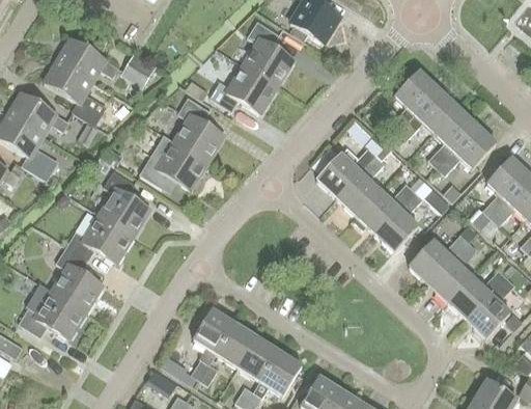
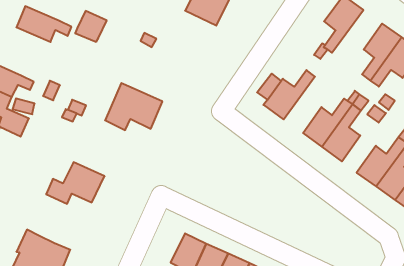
building: [45,59,106,124] -> none
building: [209,64,276,112] -> none
building: [398,88,457,139] -> none
building: [174,97,224,161] -> none
building: [336,155,385,215] -> none
building: [101,170,149,235] -> none
building: [53,246,102,310] -> none

